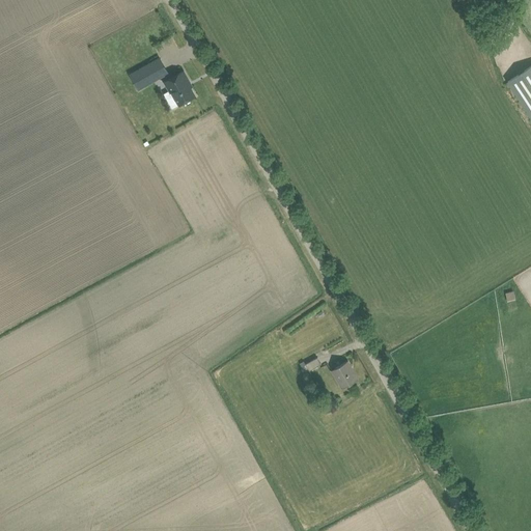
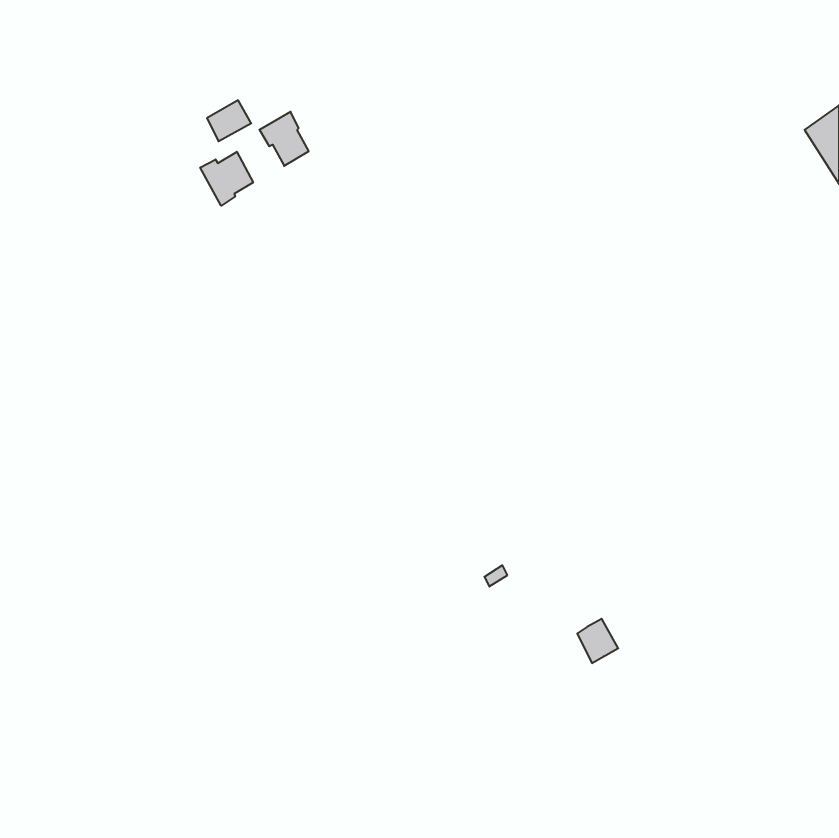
building: none -> [200,152,253,206]
building: [333,361,359,389] -> [577,619,618,663]

